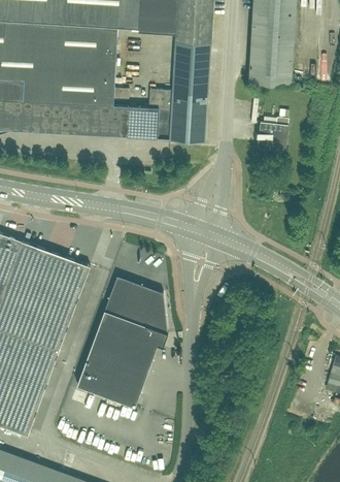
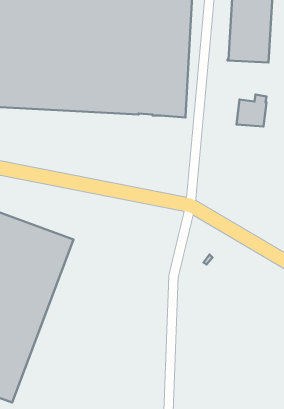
building: [76,275,168,406] -> none

